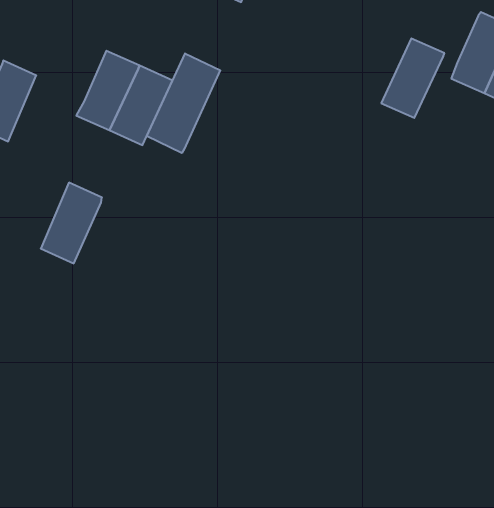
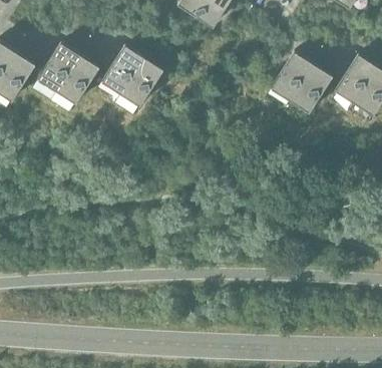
building: none -> [271,51,314,100]
building: [147,53,220,153] -> none
building: [41,183,102,263] -> [57,53,99,103]

